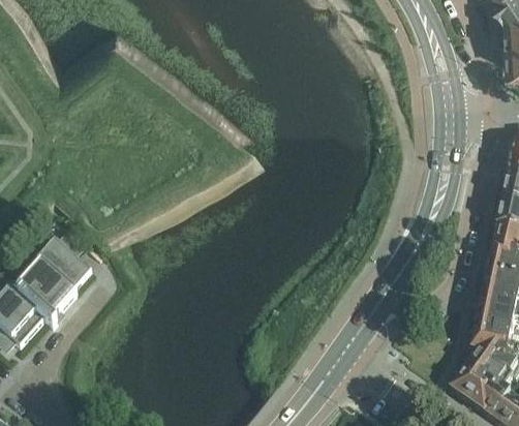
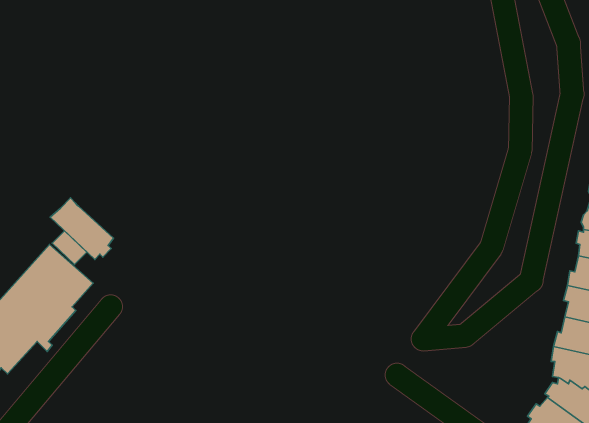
building: none -> [50,198,113,259]

